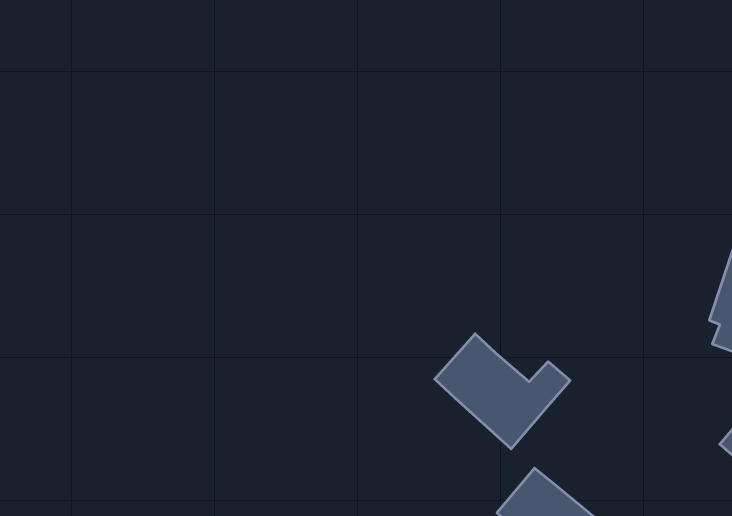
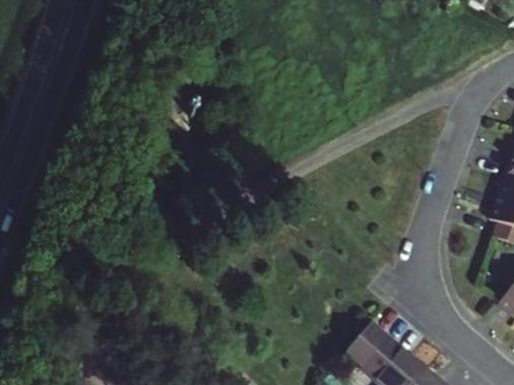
building: [435,334,570,449] -> none

